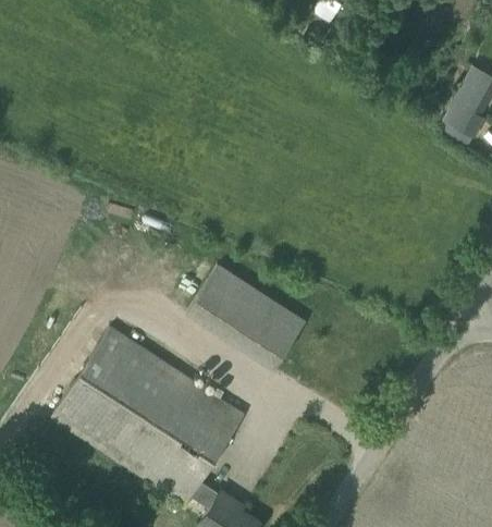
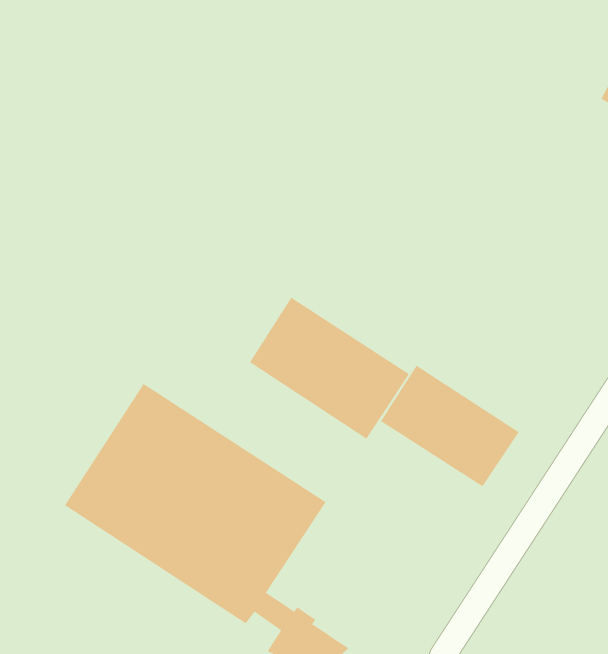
building: none -> [380,365,519,487]

